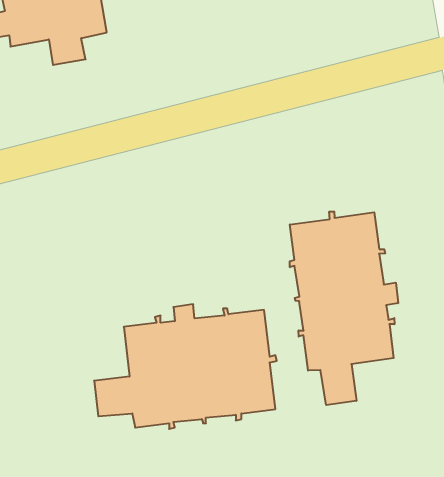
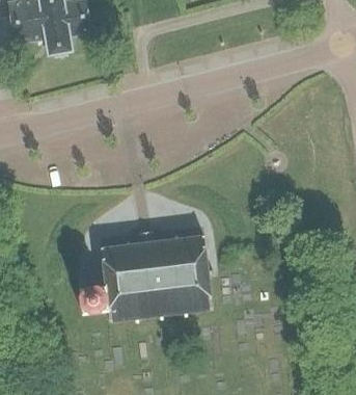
building: [290,212,398,405] -> none

